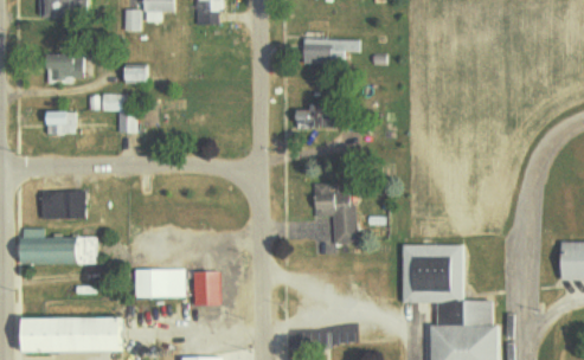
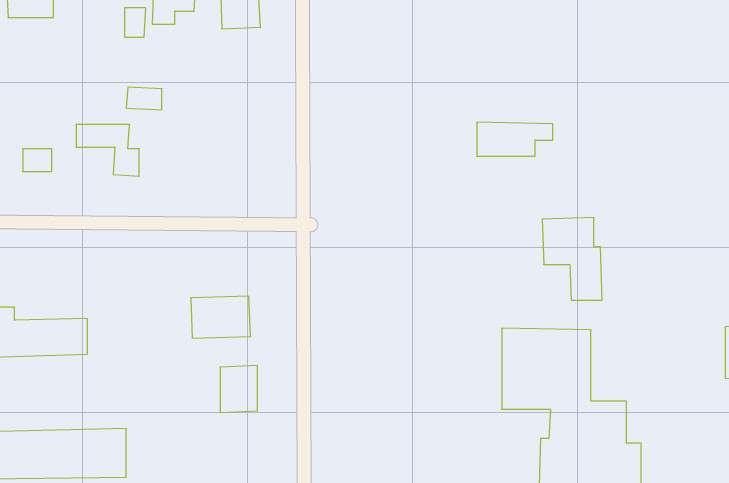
building: [303,39,359,64] -> [477,122,553,156]
building: [58,54,83,77] -> none
building: [294,105,334,129] -> none
building: [312,182,355,243] -> [542,218,602,300]
building: [40,191,84,219] -> none
building: [140,268,184,298] -> [191,296,251,338]

